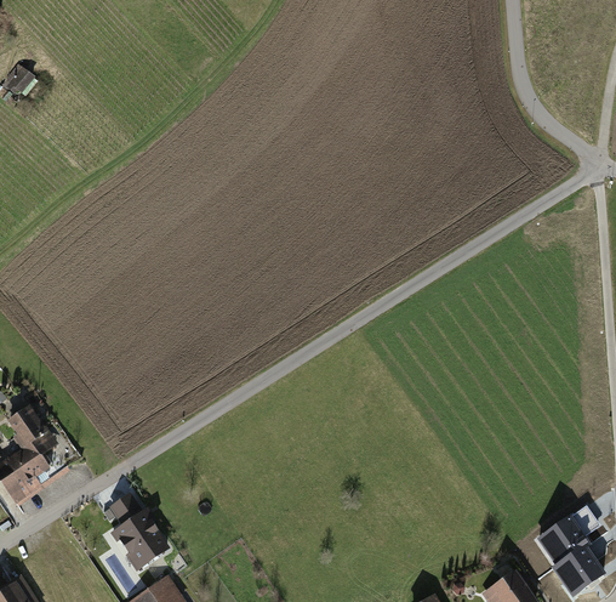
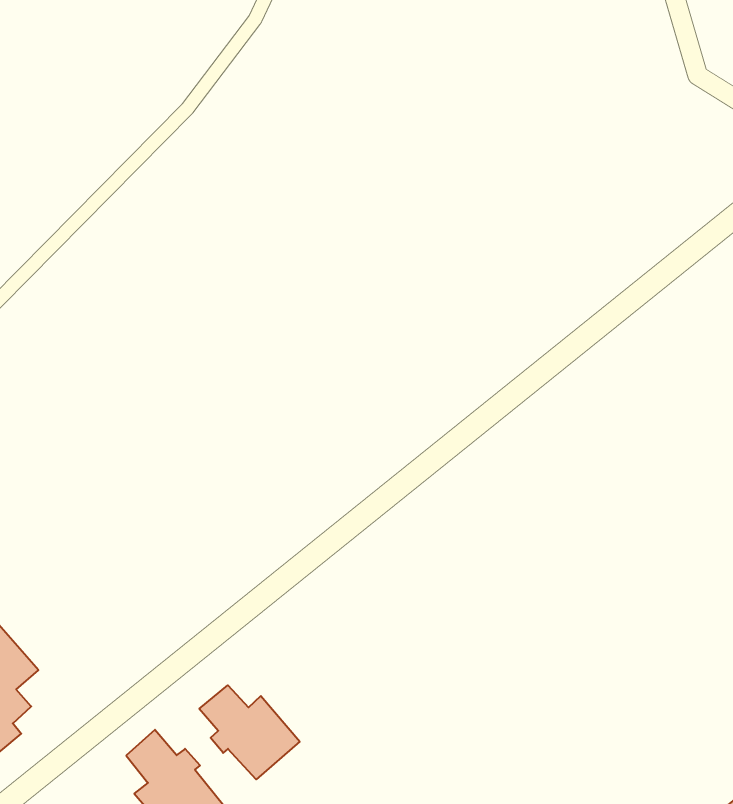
building: none -> [199,685,300,779]

